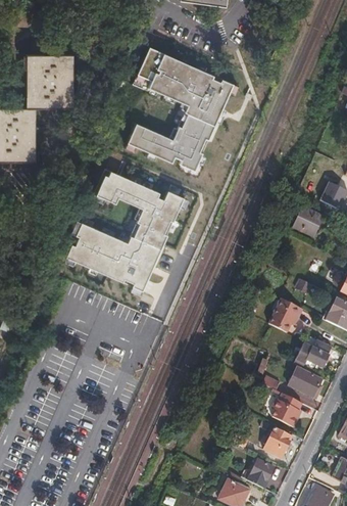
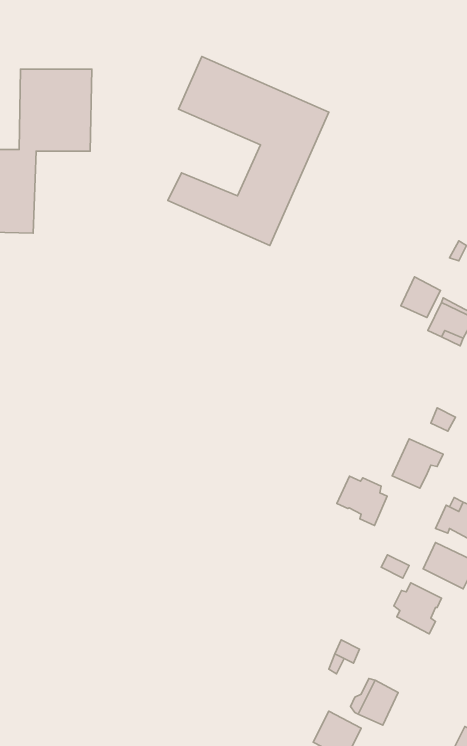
building: [63,172,178,286] -> none
building: none -> [401,277,440,318]
building: none -> [337,476,387,525]
building: [264,427,292,458] -> none

